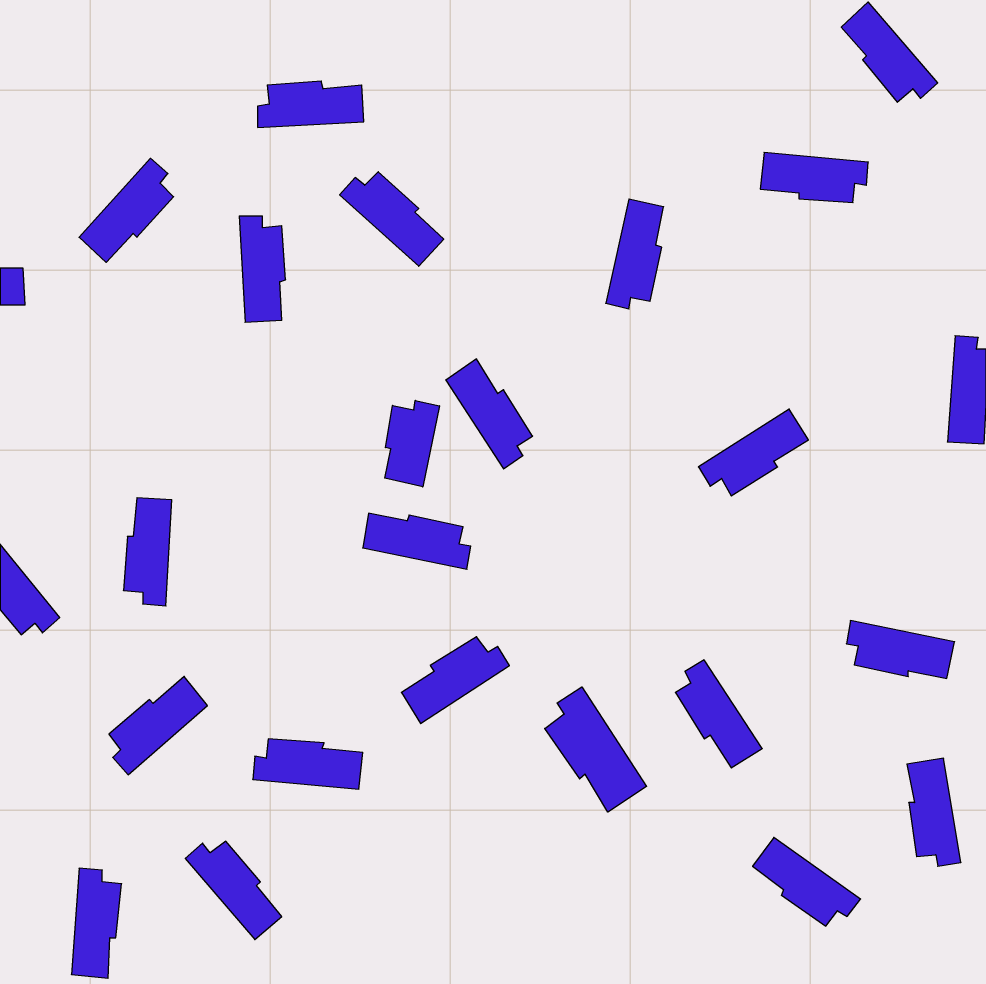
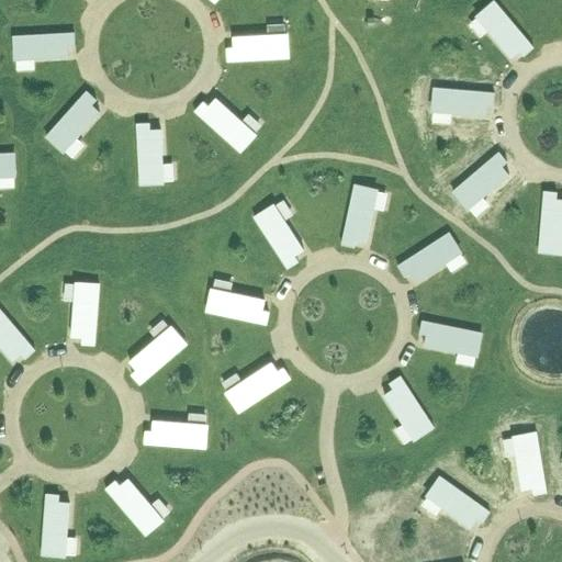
building: none -> [13,33,75,59]
building: [258,81,364,127] -> [227,35,288,61]
building: [606,199,664,309] -> [341,184,374,247]
building: none -> [452,154,509,207]
building: [385,400,439,487] -> none
building: [846,621,955,678] -> [419,321,481,353]
building: [109,676,207,775] -> [130,329,186,385]
building: [545,687,647,812] -> none

